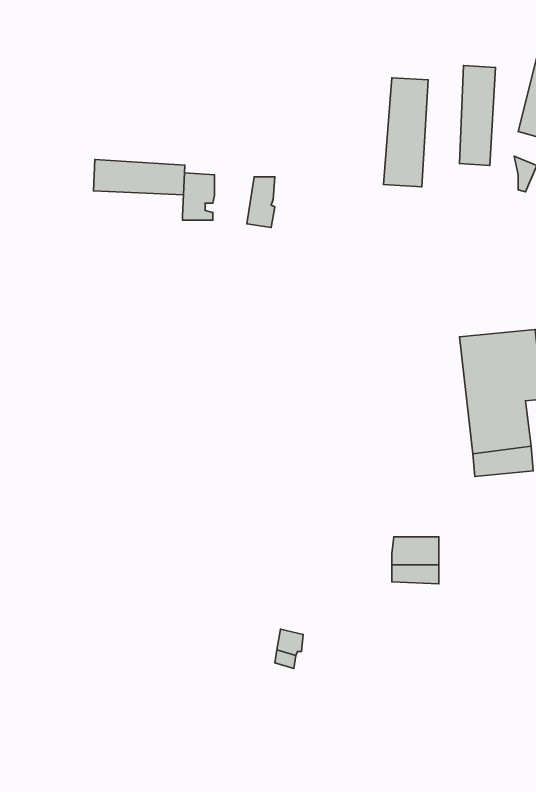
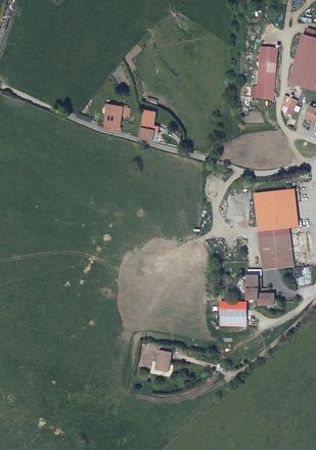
building: [383,78,428,187] -> none
building: [93,159,185,195] -> none
building: none -> [246,270,273,302]

